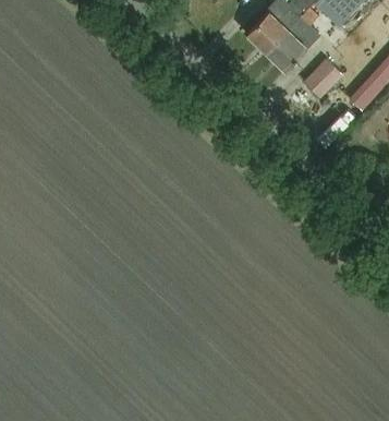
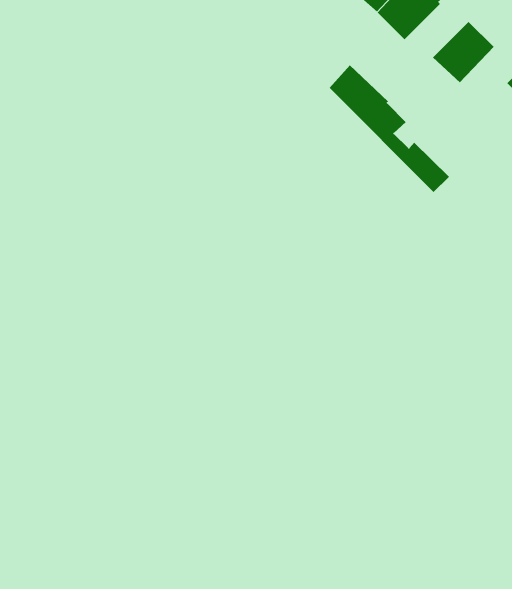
building: none -> [329,64,450,193]

